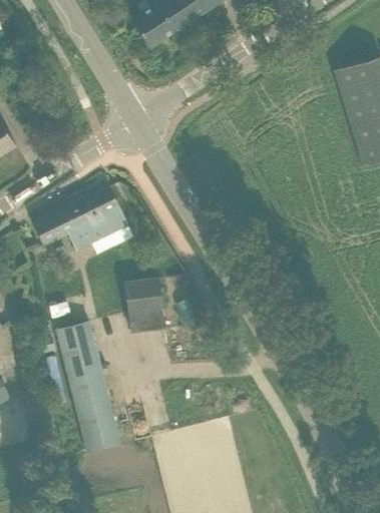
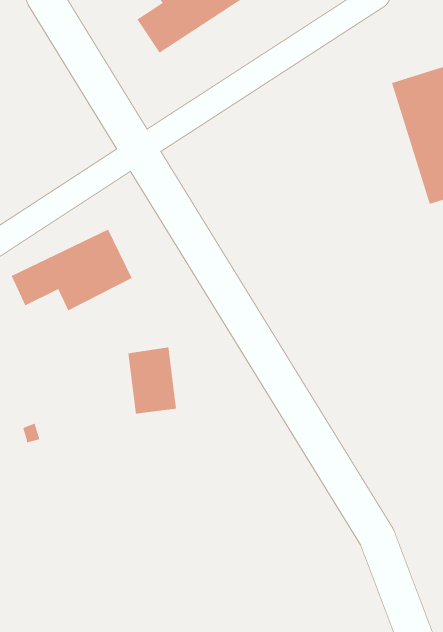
building: [56,323,121,453] -> none

